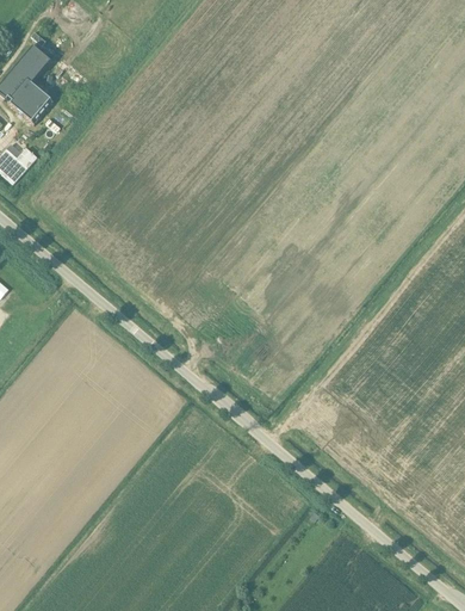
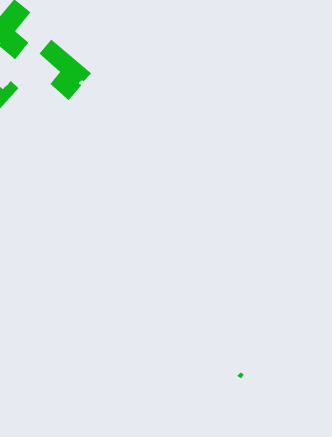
building: none -> [38,38,92,101]

